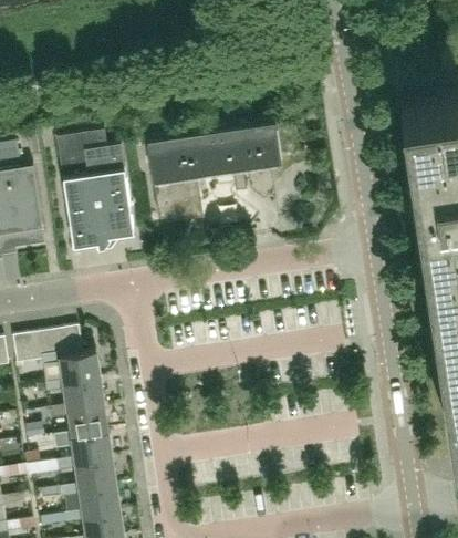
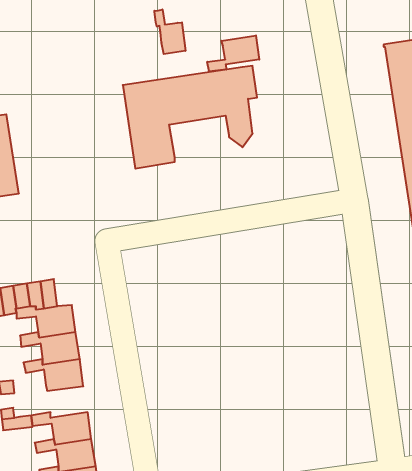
building: none -> [154,9,185,54]
building: none -> [207,35,259,72]
building: [55,133,133,250] -> none
building: [52,434,111,466] -> none

